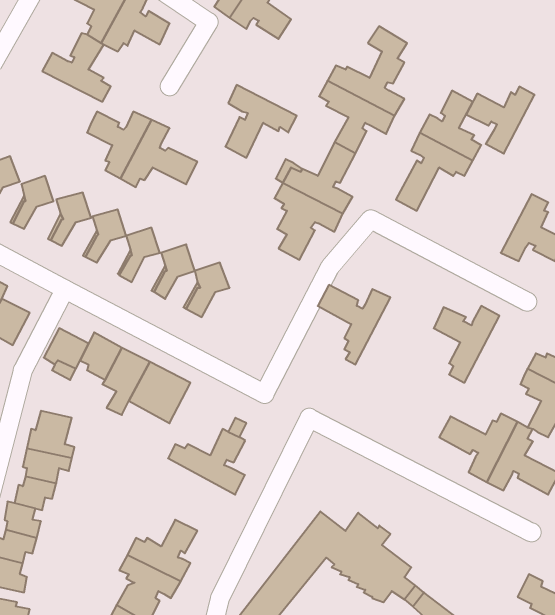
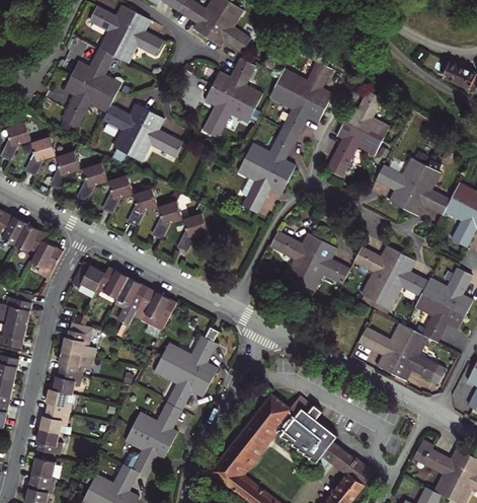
building: none -> [212,59,261,109]
building: none -> [62,76,114,129]
building: [466,87,535,154] -> [376,159,425,208]
building: none -> [298,240,350,293]
building: none -> [377,254,428,307]
building: none -> [156,357,211,410]

